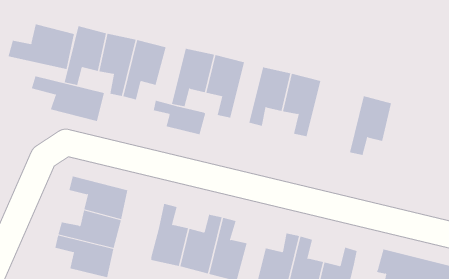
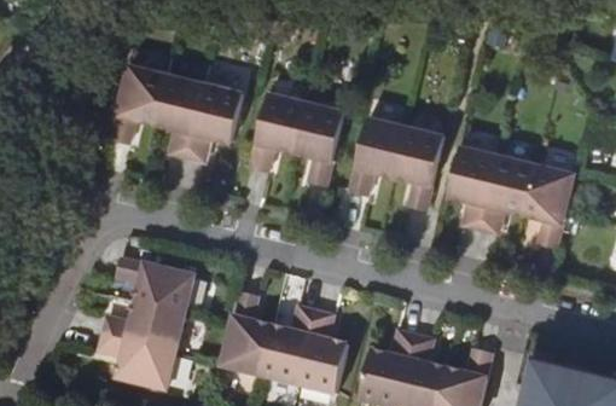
building: [8,24,74,70] -> none
building: [31,76,104,122] -> none
building: none -> [448,144,498,227]
building: [153,100,206,135] -> none
building: none -> [523,163,574,245]

